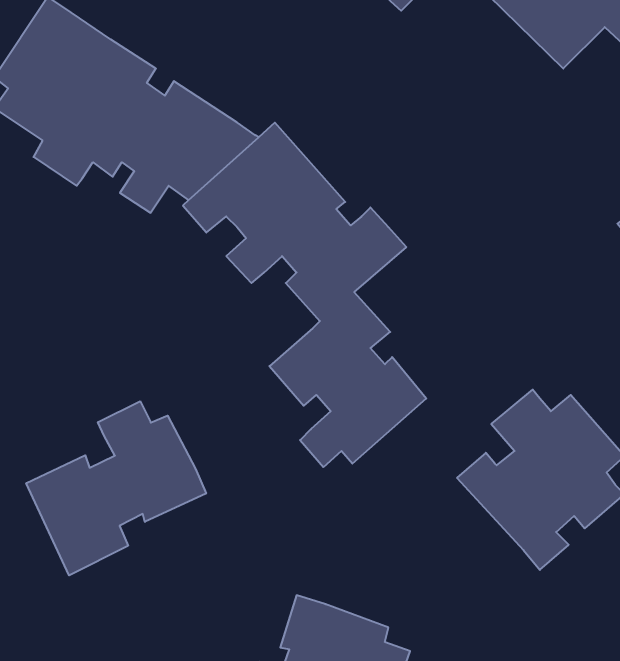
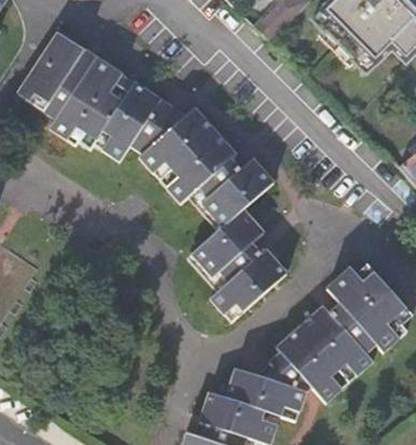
building: [26,401,206,575] -> none
building: none -> [227,320,354,419]

